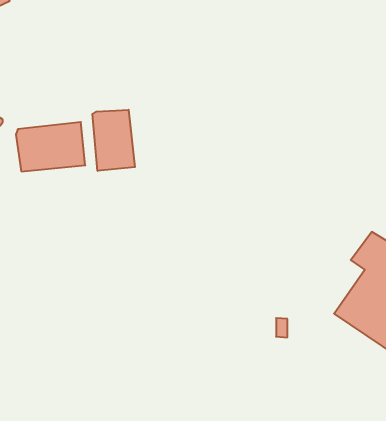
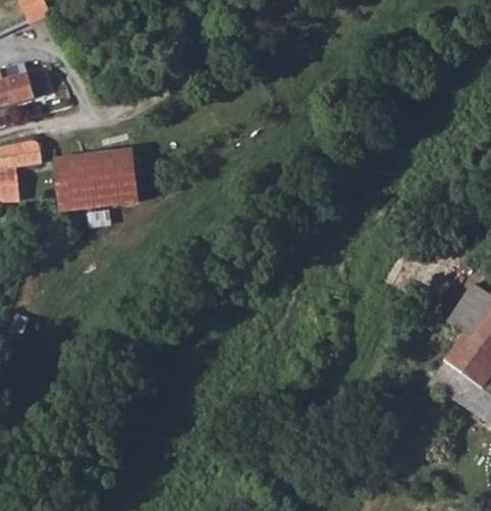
building: [92,110,135,171] -> none

